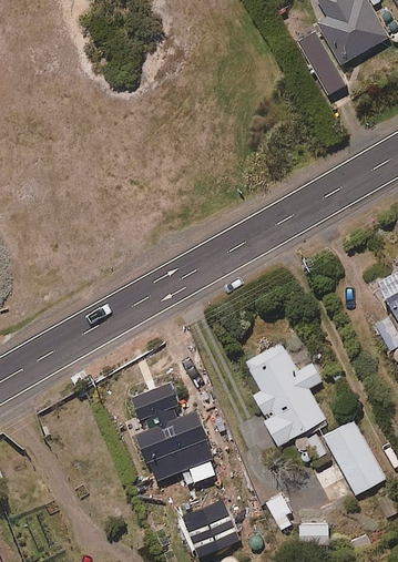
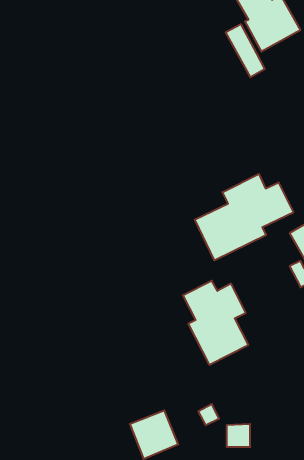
building: none -> [195,174,293,260]
building: [132,384,214,482] -> none
building: [323,420,386,495] -> none

